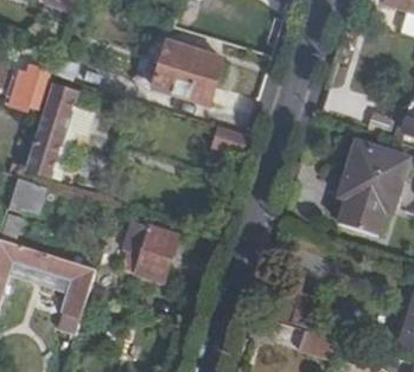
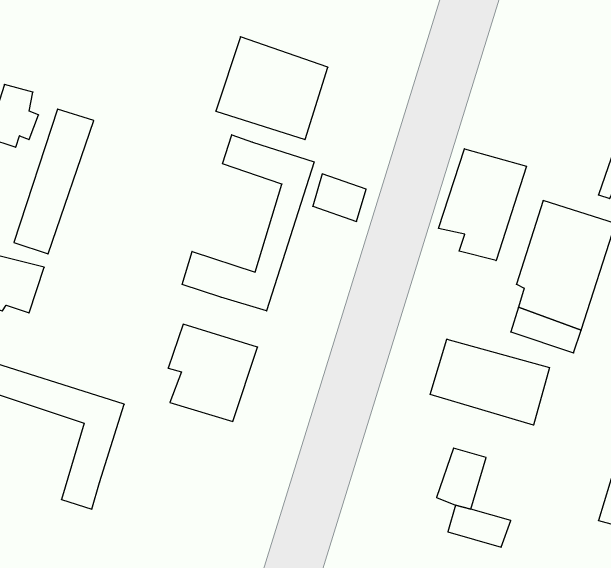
building: none -> [182,135,314,311]
building: none -> [439,149,526,261]
building: none -> [430,339,550,425]

